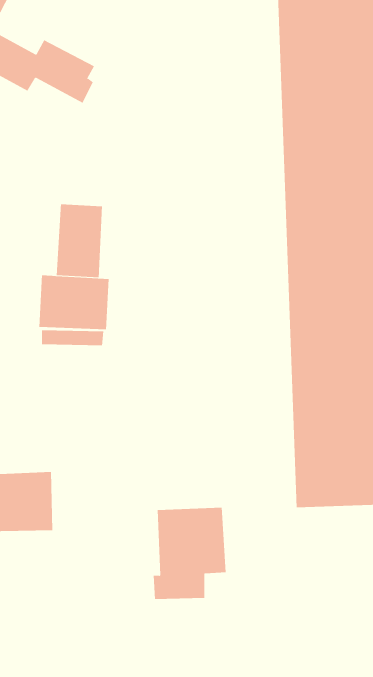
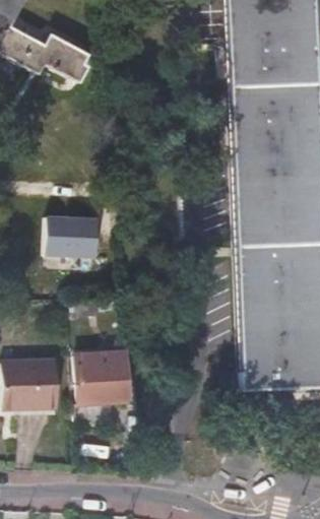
building: [56,204,102,278] -> none
building: [153,507,226,599] -> [75,351,131,421]

